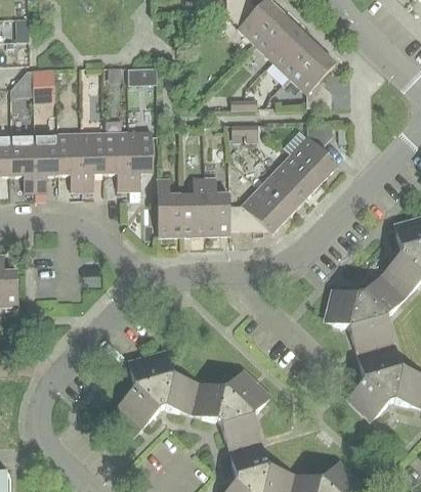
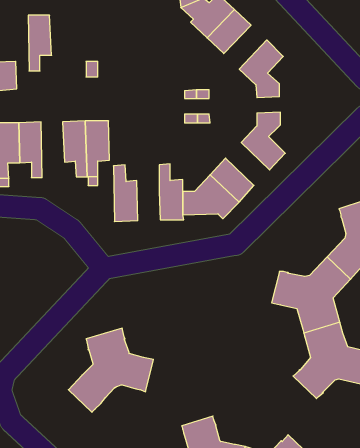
building: [272,31,318,77] -> none
building: [81,132,106,190] -> [28,15,52,71]
building: [275,153,321,198] -> none
building: [181,177,206,235] -> none
building: [191,368,272,450] -> none

